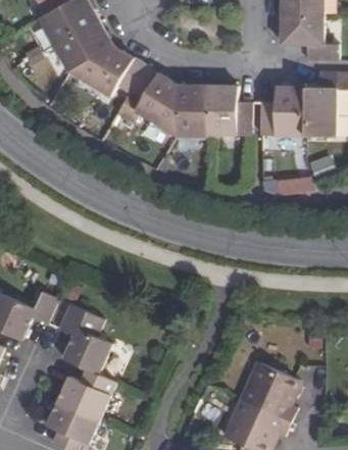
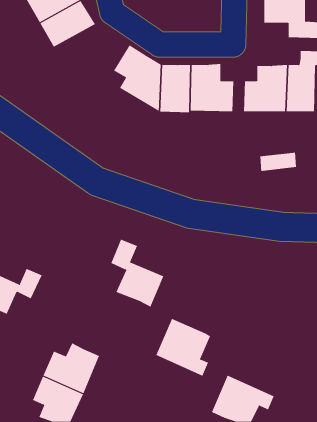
building: [68,46,145,95] -> none
building: [58,305,112,374] -> [111,239,164,307]
building: [244,363,300,422] -> [155,318,211,376]

